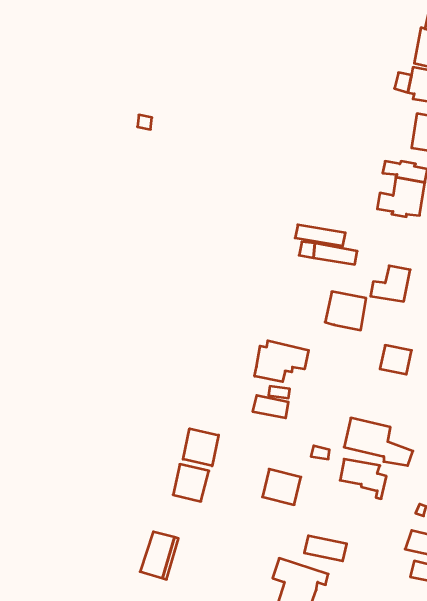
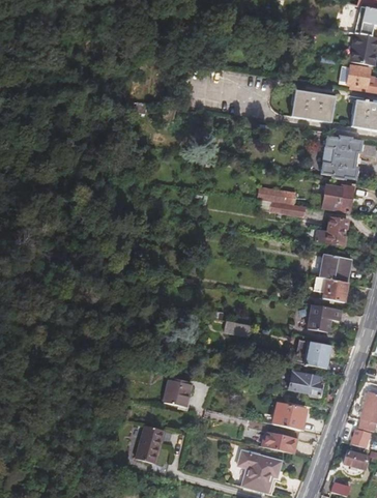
building: none -> [286,90,330,122]
building: none -> [322,185,352,212]
building: [325,292,366,330] -> [319,255,351,285]
building: [255,341,309,382] -> none
building: none -> [307,305,341,331]
building: [183,429,219,466] -> none
building: [262,469,301,505] -> [277,401,307,429]

